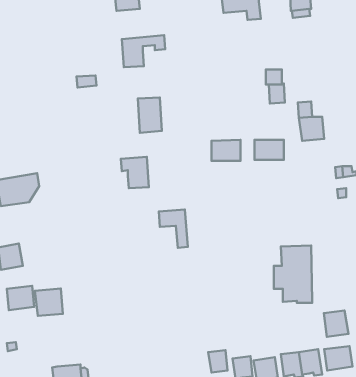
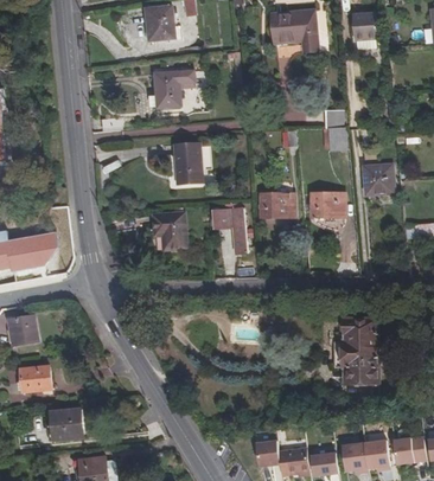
building: [159,210,188,248] -> [212,209,247,254]
building: [35,289,63,316] -> [50,409,83,441]
building: [324,310,348,337] -> none

